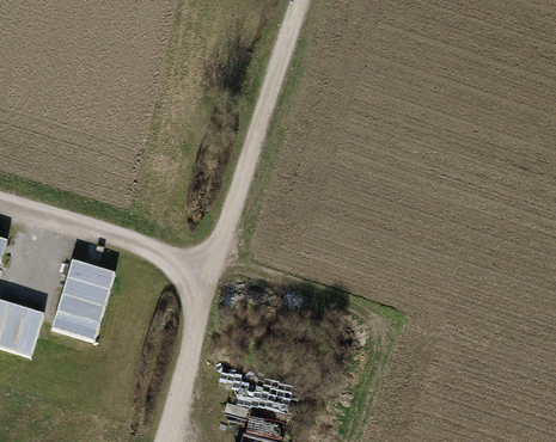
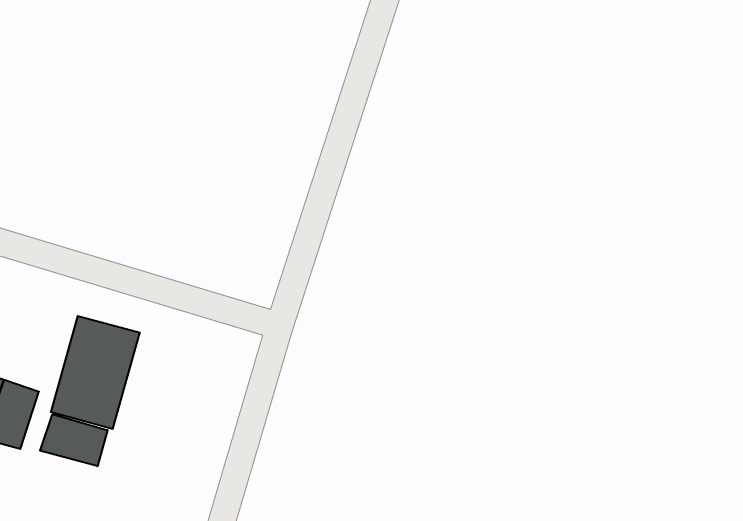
building: none -> [40,414,108,466]

